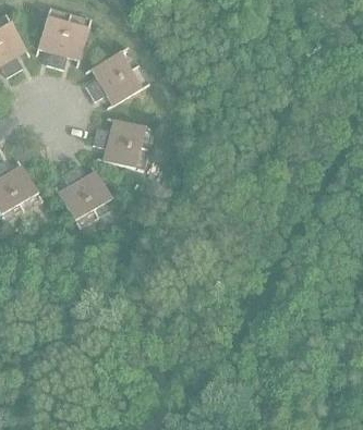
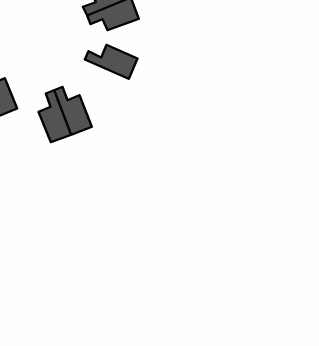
building: [94,135,141,168] -> none

